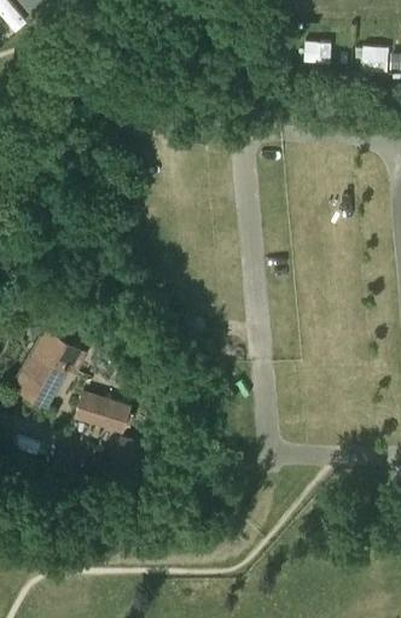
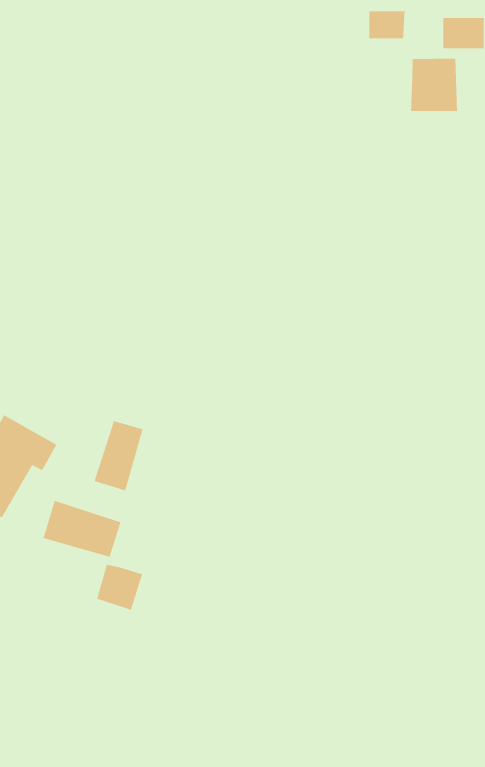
building: none -> [410,58,458,112]
building: none -> [93,420,144,491]

